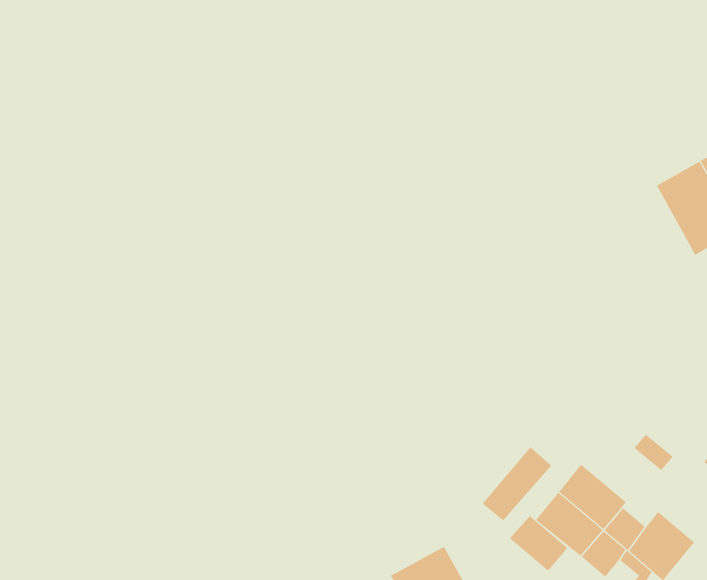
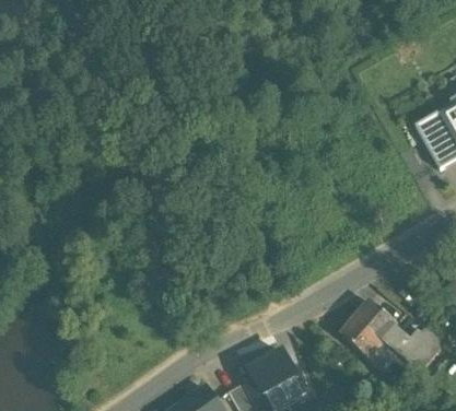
building: [482,446,552,521] -> none
building: [509,515,568,571] -> none

